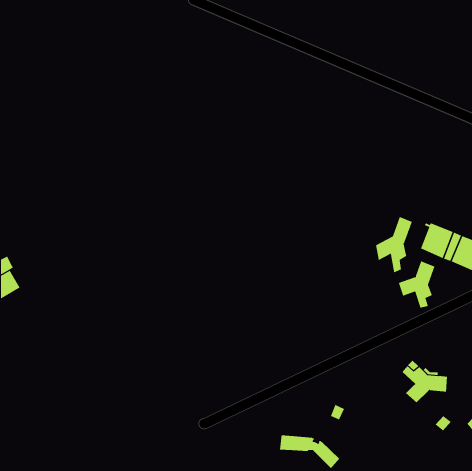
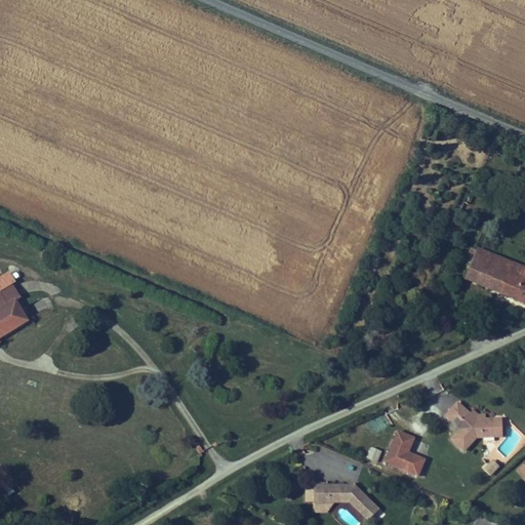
building: [376,216,413,273] -> none
building: [398,260,435,309] -> none
building: none -> [386,430,423,476]

